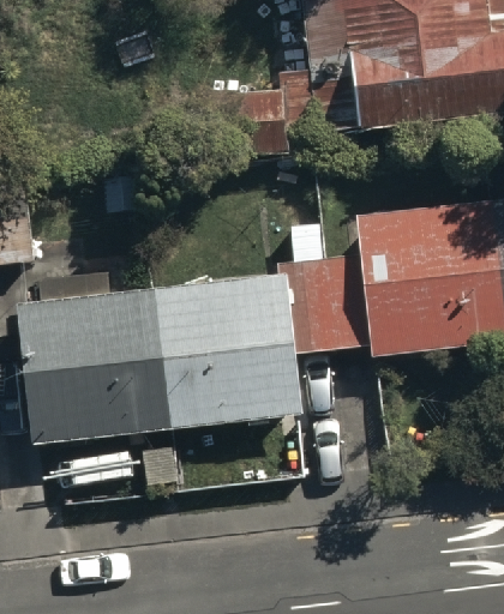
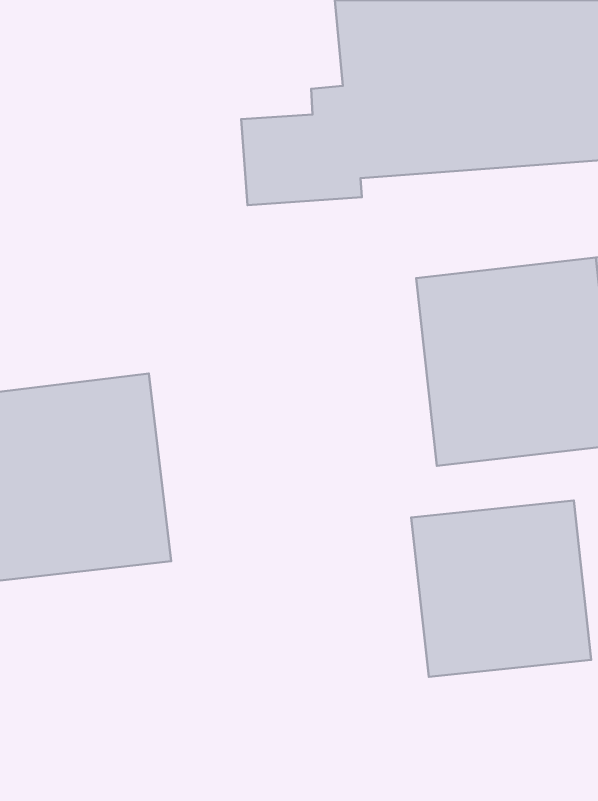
building: [155,271,300,427] -> none
building: none -> [411,500,591,677]

